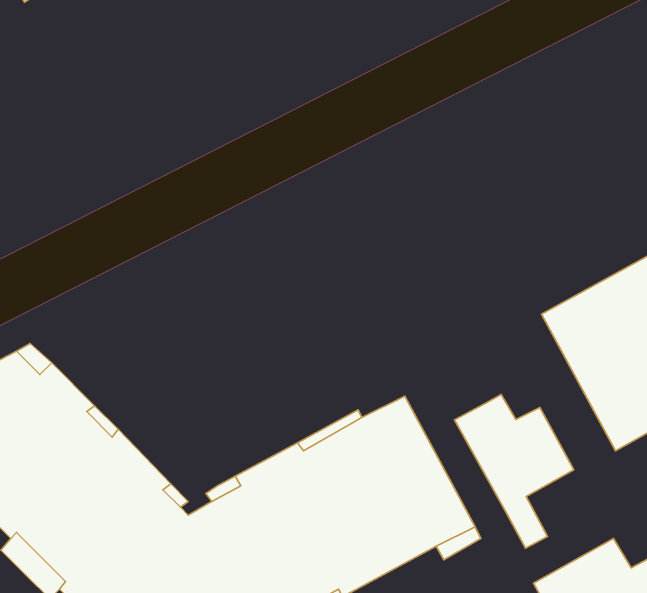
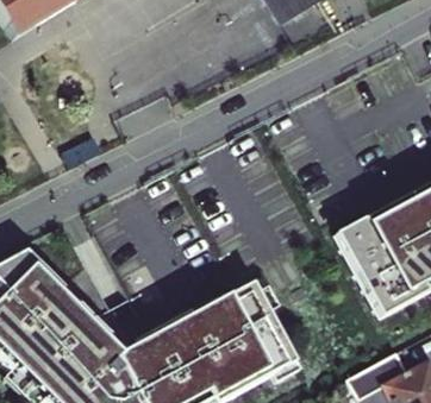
building: [454,394,574,548] -> none

